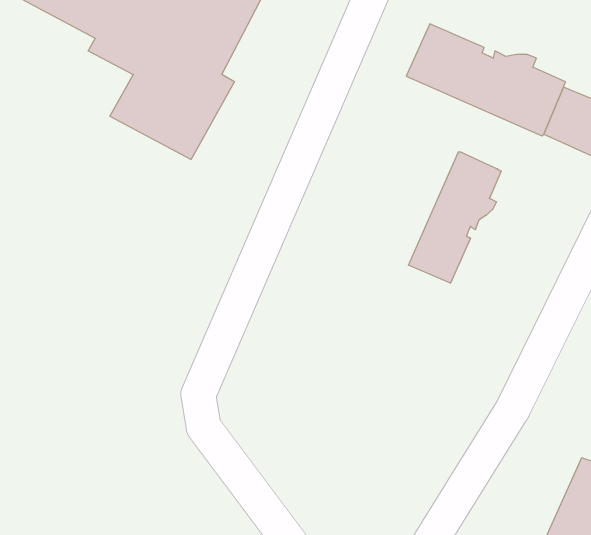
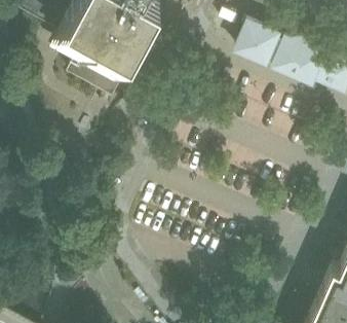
building: [409,152,501,283] -> none

